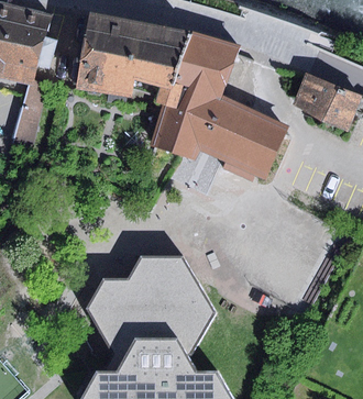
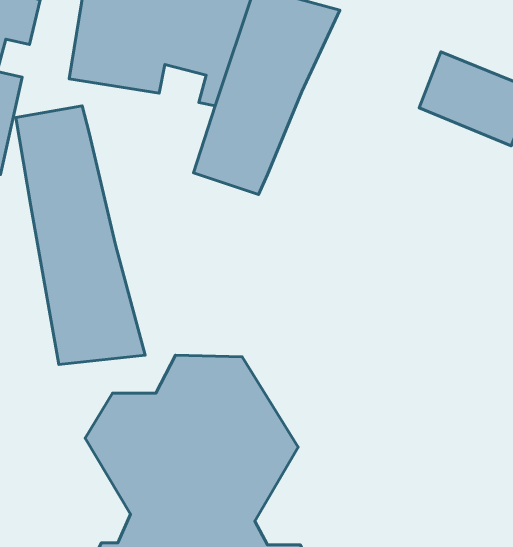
building: [197,96,287,175] -> none
building: none -> [16,106,145,365]

